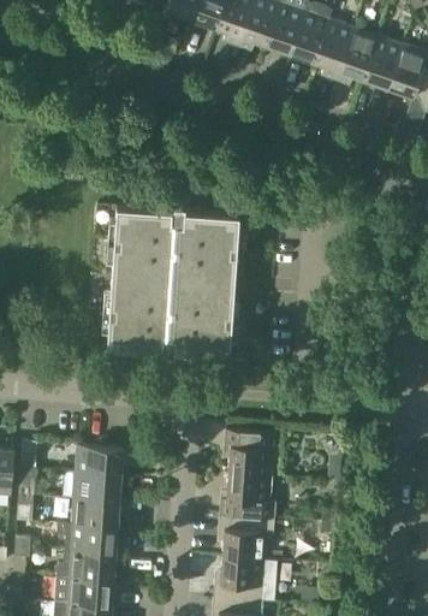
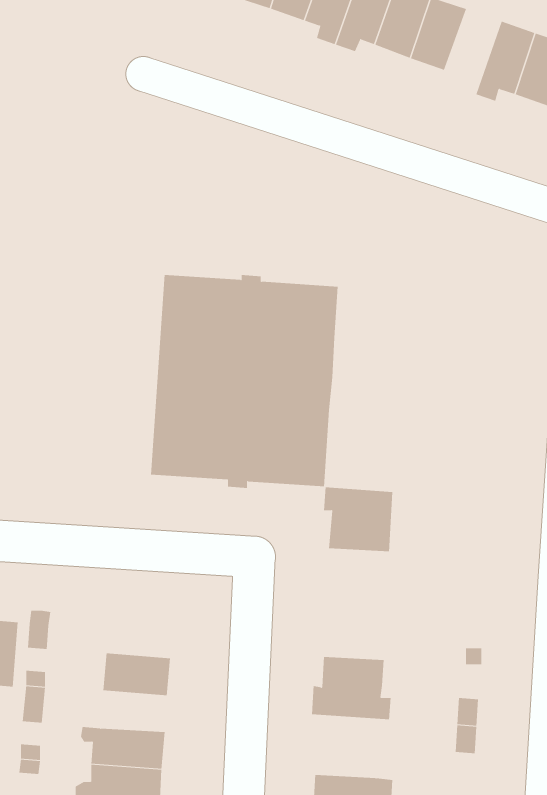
building: [314,19,353,79] -> none
building: [225,431,274,476] -> [323,487,393,552]
building: [76,445,123,475] -> none
building: [72,498,119,527] -> none
building: [218,515,275,559] -> none

